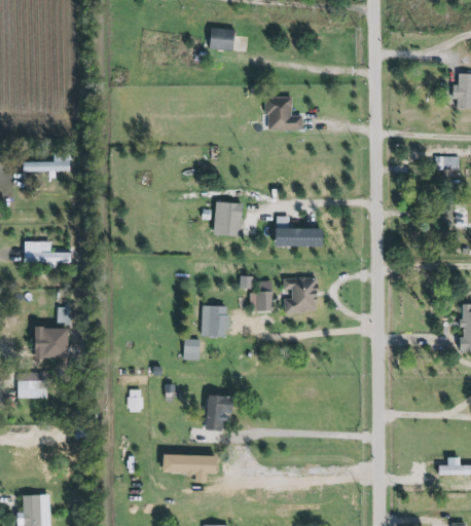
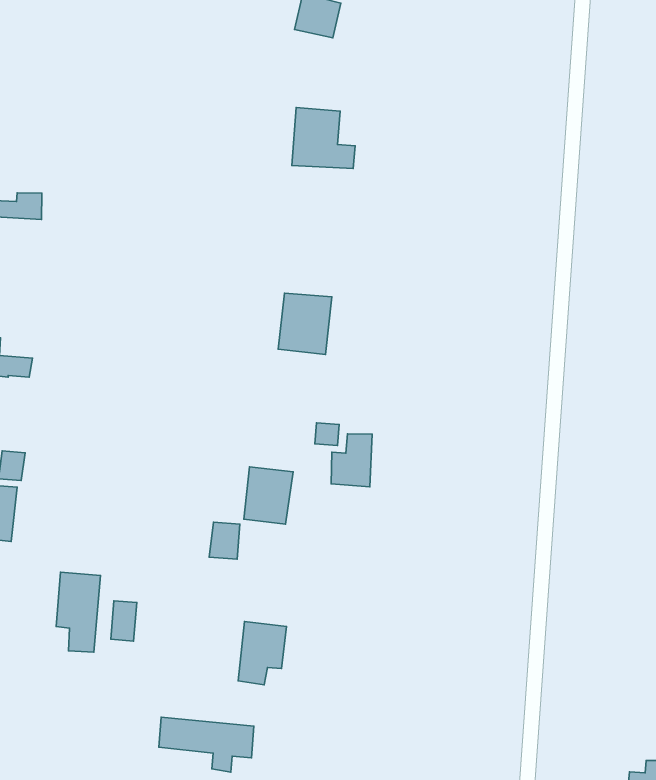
building: [266,97,302,130] -> [292,108,355,168]
building: [276,217,324,247] -> none
building: [285,277,320,314] -> none
building: none -> [56,572,100,652]

